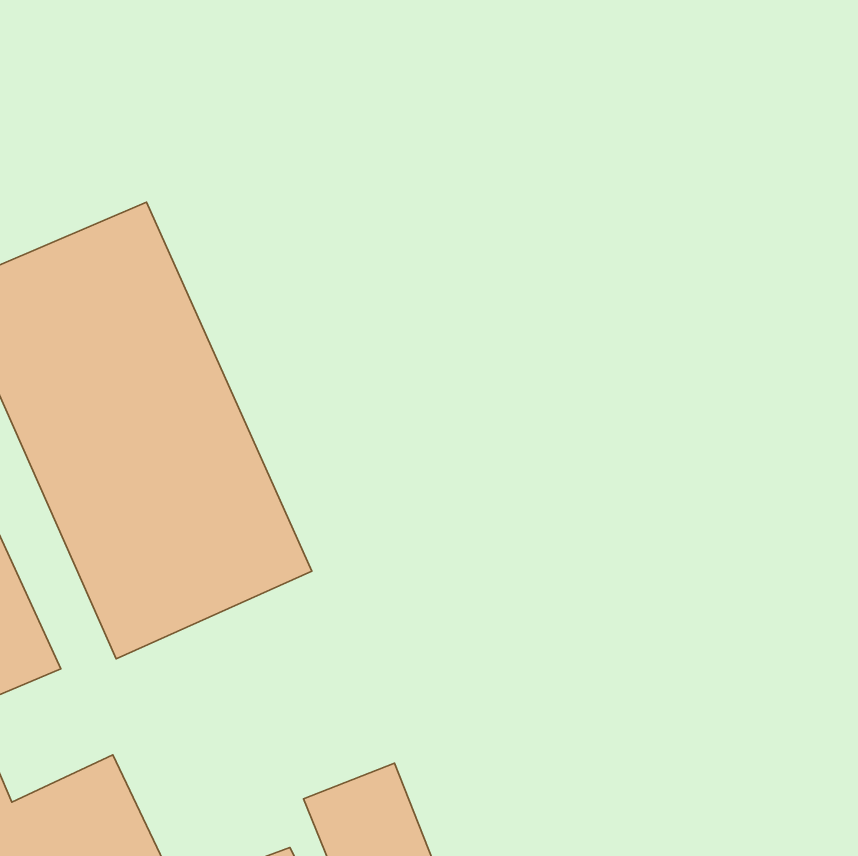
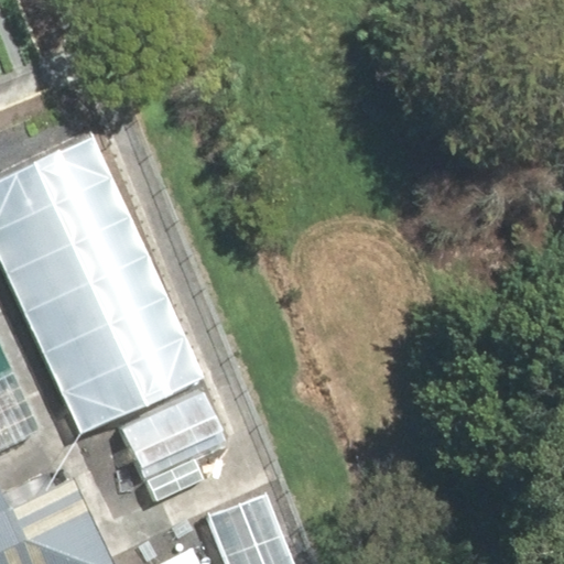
building: none -> [112,386,229,508]

